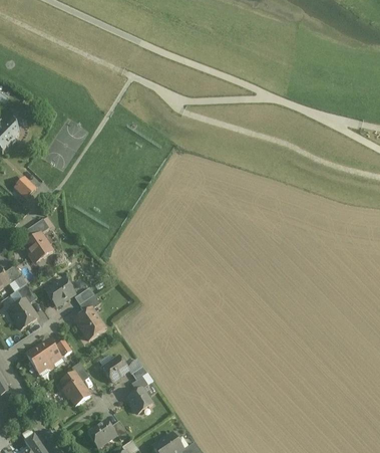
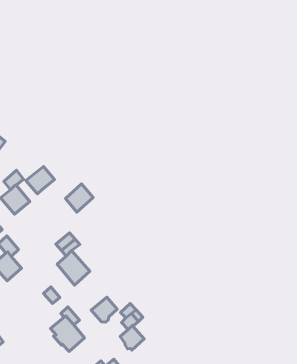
building: none -> [26,166,54,194]
building: [45,278,73,306] -> [65,184,93,212]
building: [24,337,61,374] -> none

